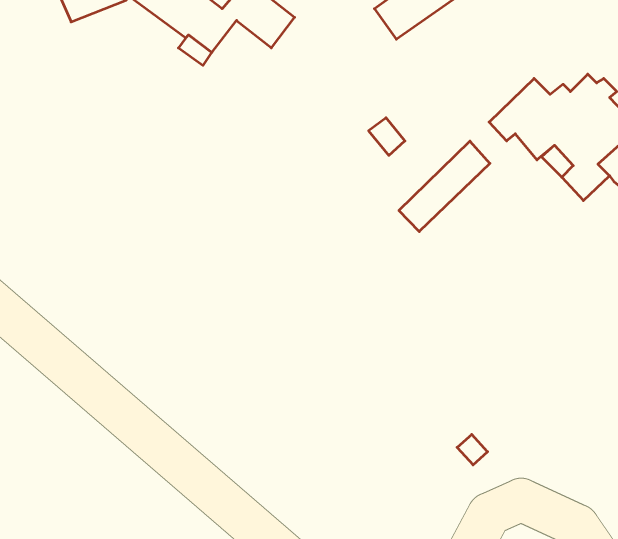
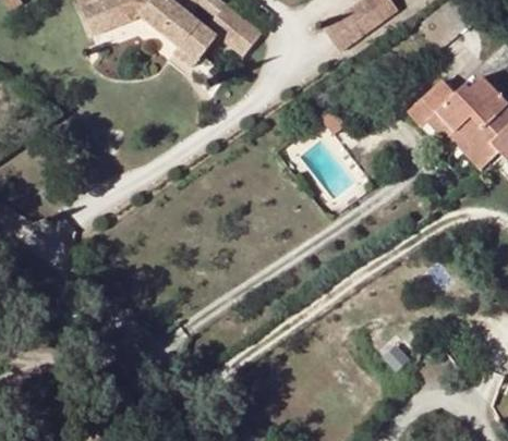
building: [399,141,490,232] -> none

